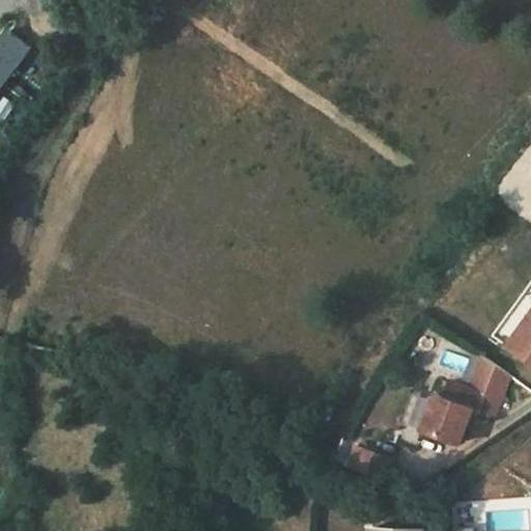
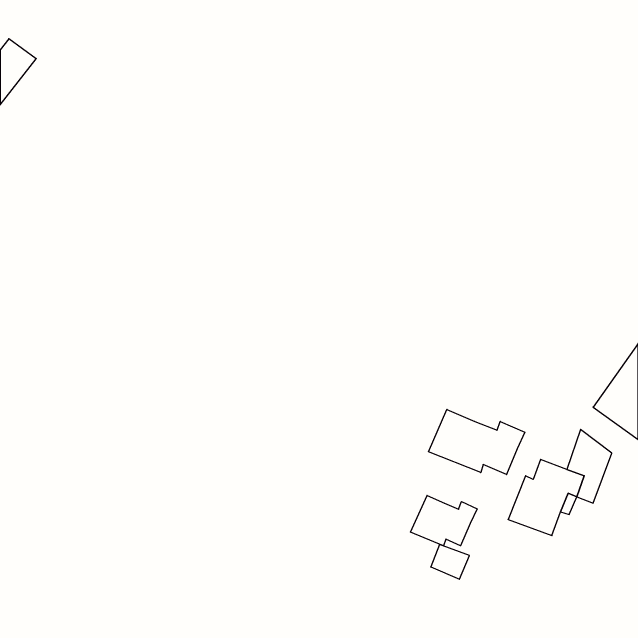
building: none -> [429,409,525,475]
building: none -> [411,495,477,546]

